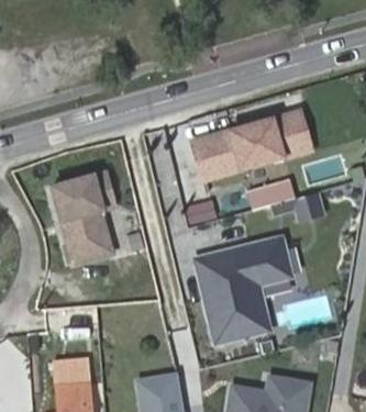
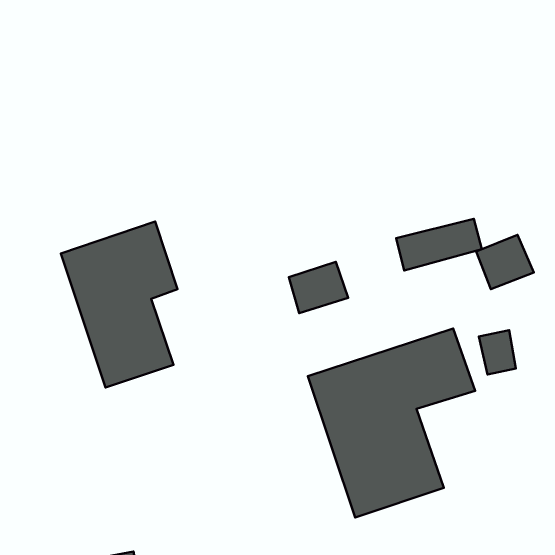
building: [195,112,311,179] -> none

